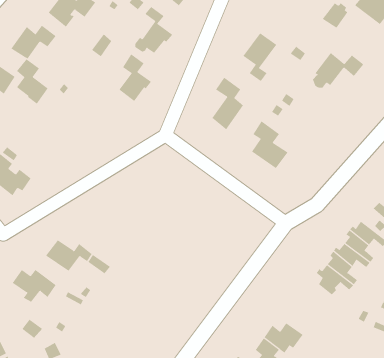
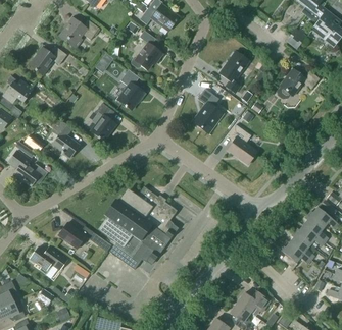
building: [16,59,48,104] -> [52,120,79,158]
building: none -> [91,103,115,141]
building: none -> [100,186,177,269]

